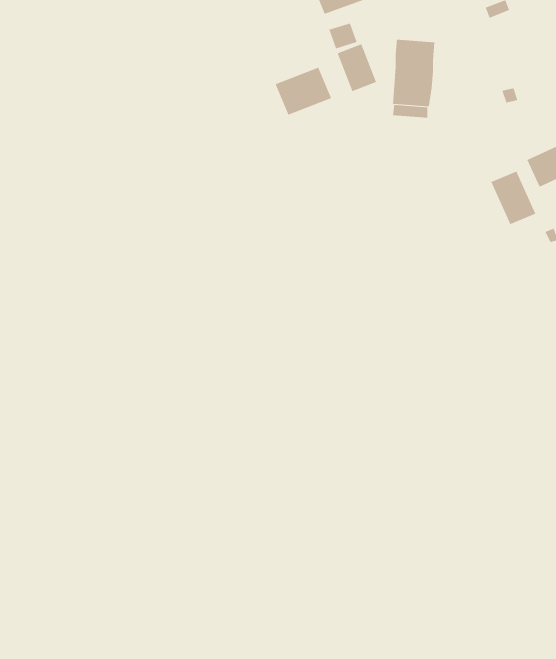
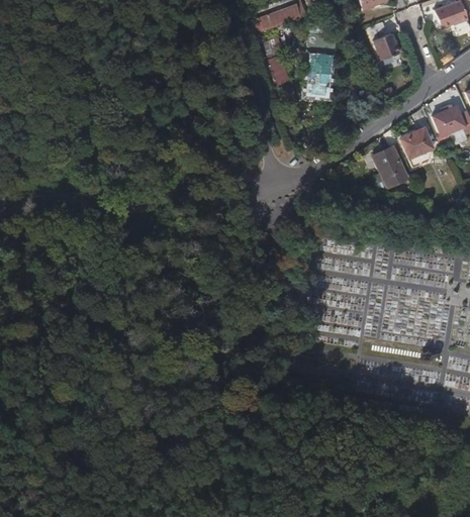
building: none -> [374,32,400,60]
building: [275,67,332,116] -> none

